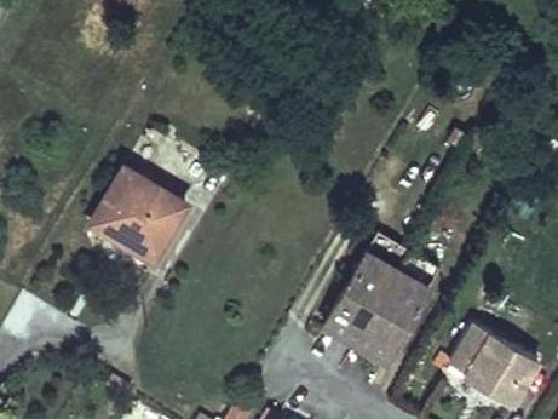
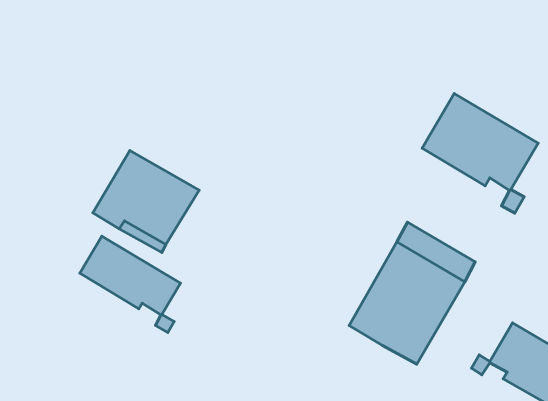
building: none -> [422,94,538,213]
building: none -> [80,236,181,333]

